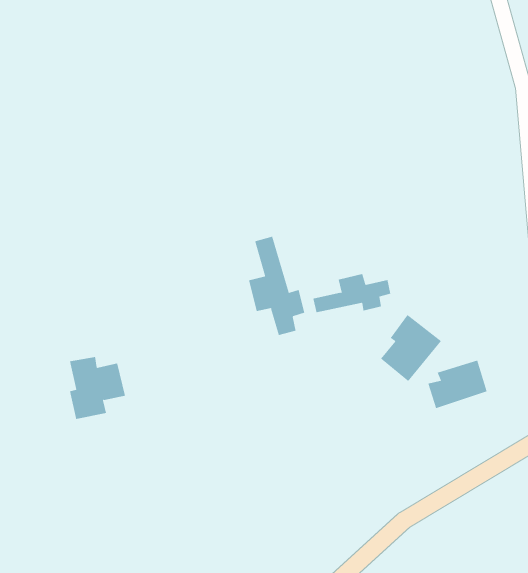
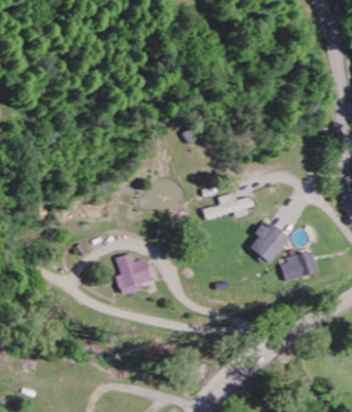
building: [248,236,305,336] -> none
building: [69,356,126,419] -> [116,254,153,295]

